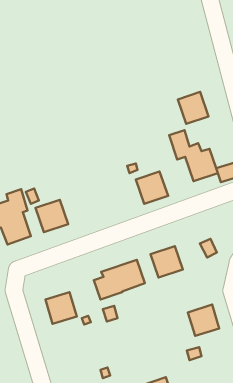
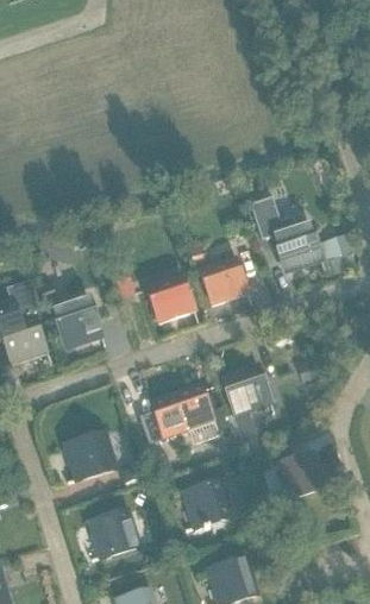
building: [178,92,208,124] -> none
building: none -> [146,275,194,323]
building: none -> [184,482,232,528]
building: none -> [92,511,138,558]

